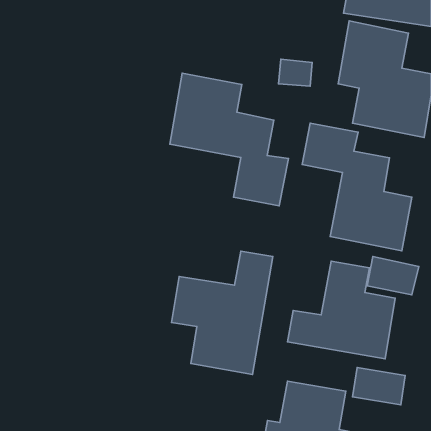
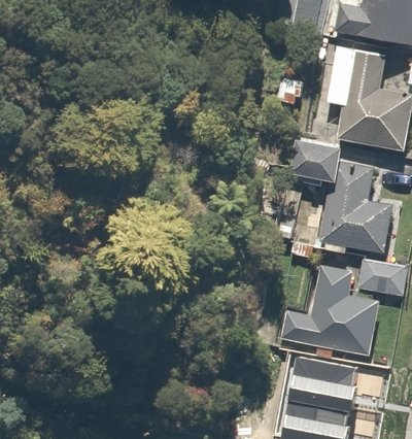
building: [170,73,288,206] -> none
building: [171,251,273,374] -> none

